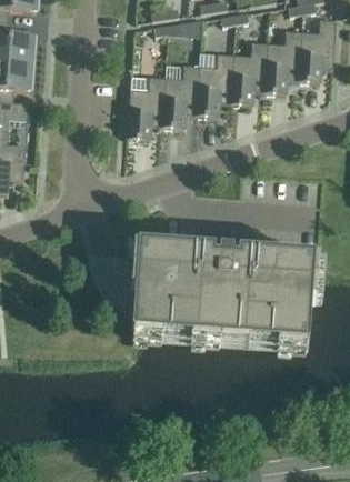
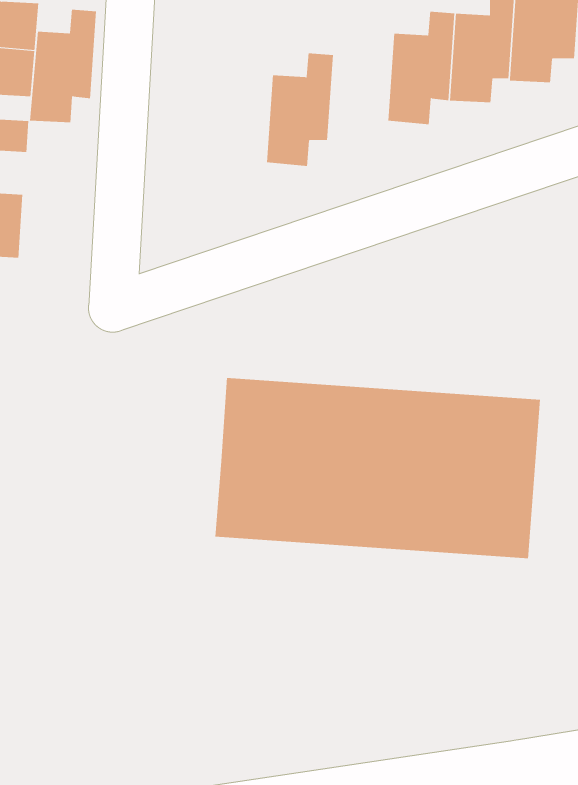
building: [196,51,232,114] -> none
building: [127,74,164,138] -> [29,9,97,123]

